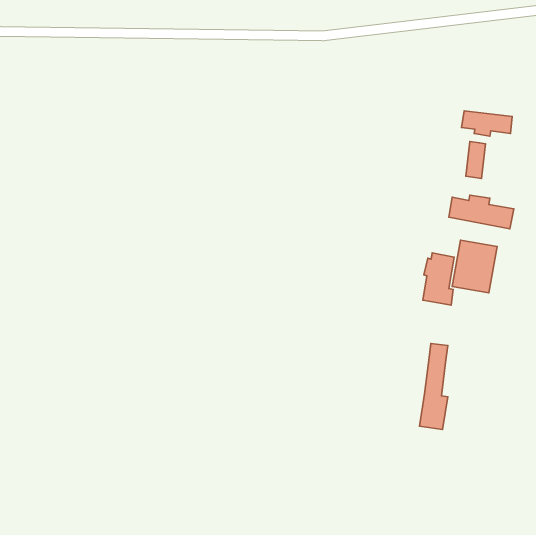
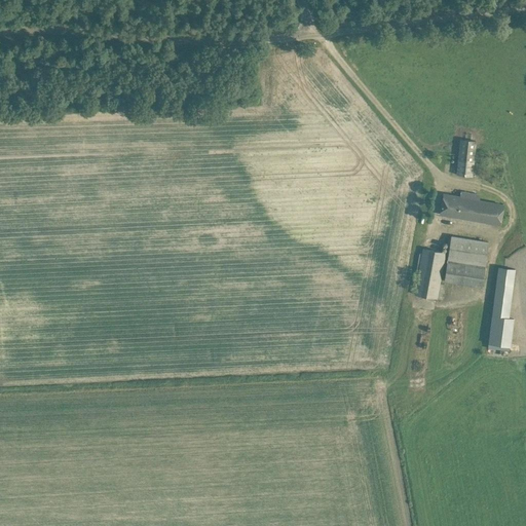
building: [462,111,512,136] -> none
building: [419,343,448,429] -> [487,267,515,351]

